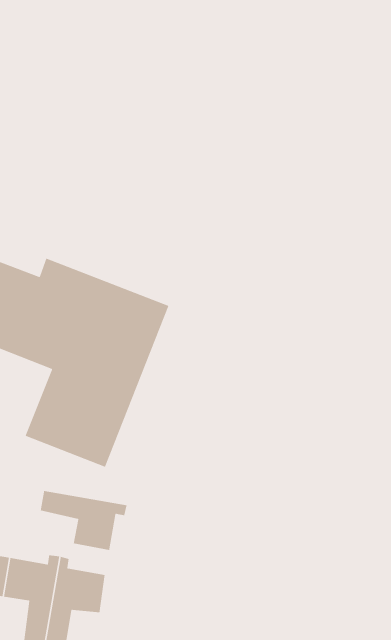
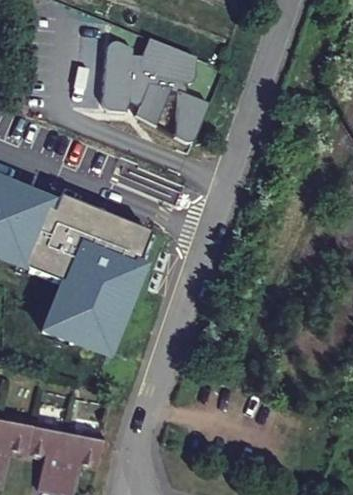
building: none -> [100,36,207,142]
building: [40,490,128,551] -> none

